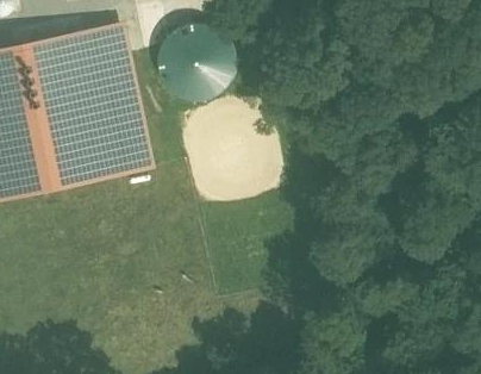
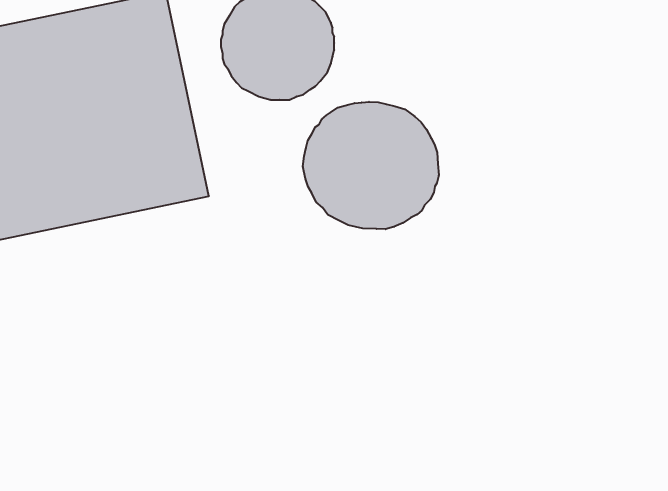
building: none -> [303,102,439,229]

